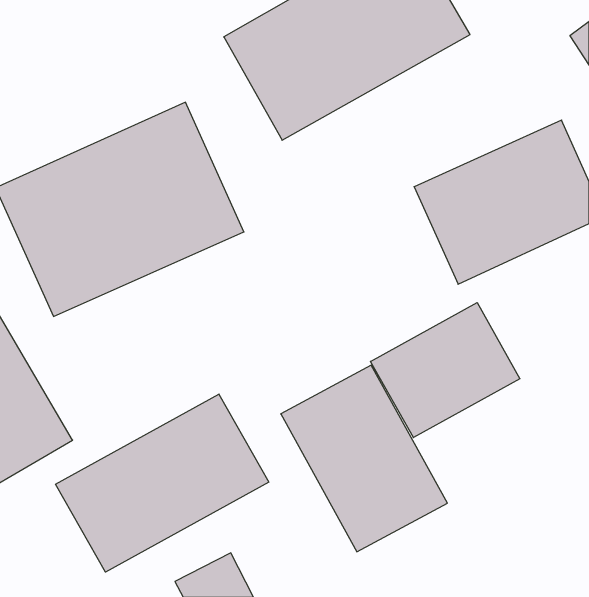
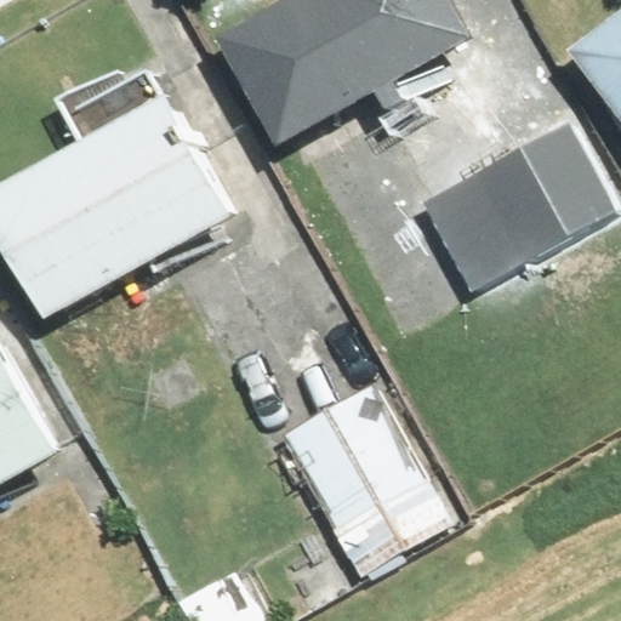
building: [370,303,520,438] -> none
building: [56,394,269,572] -> none

